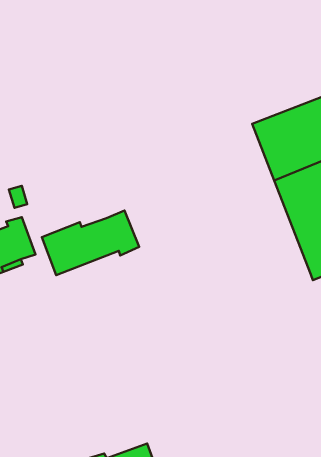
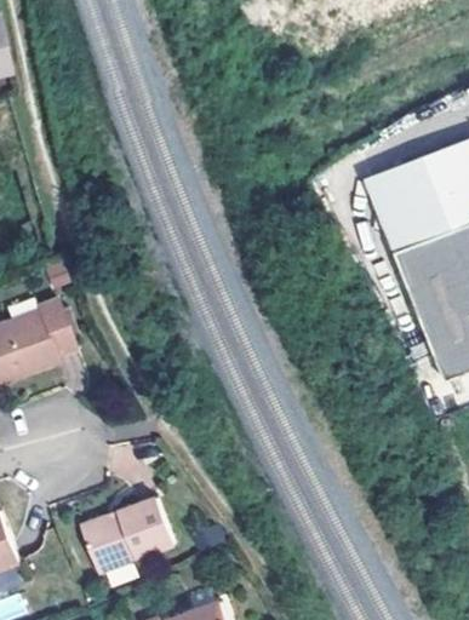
building: [42,210,139,275] -> none
building: none -> [82,498,175,572]

